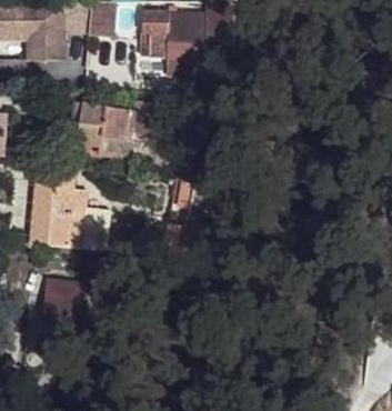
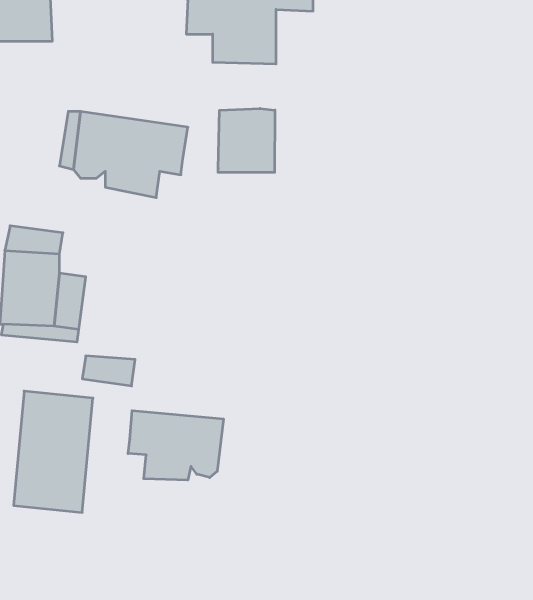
building: none -> [218,108,275,172]
building: none -> [128,411,223,480]

